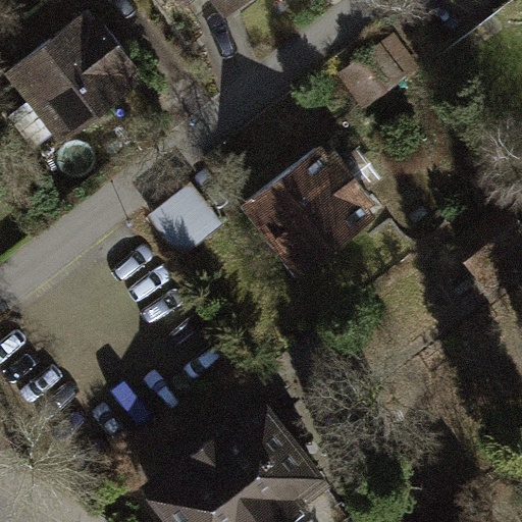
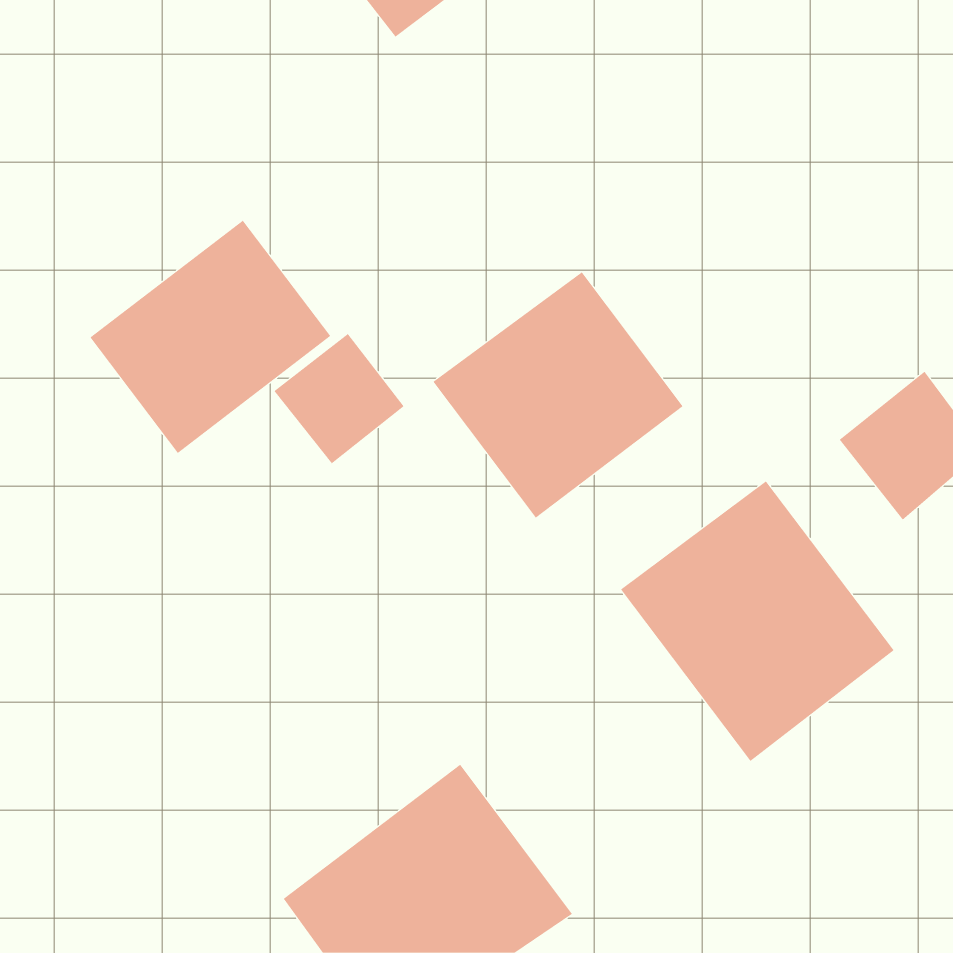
building: [18,10,150,138] -> [89,220,331,454]
building: none -> [620,480,894,762]

